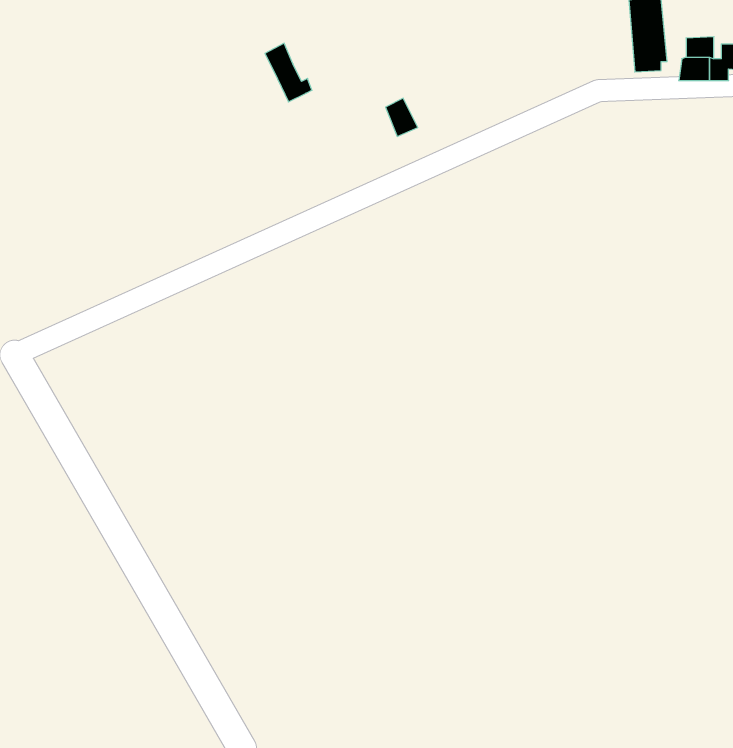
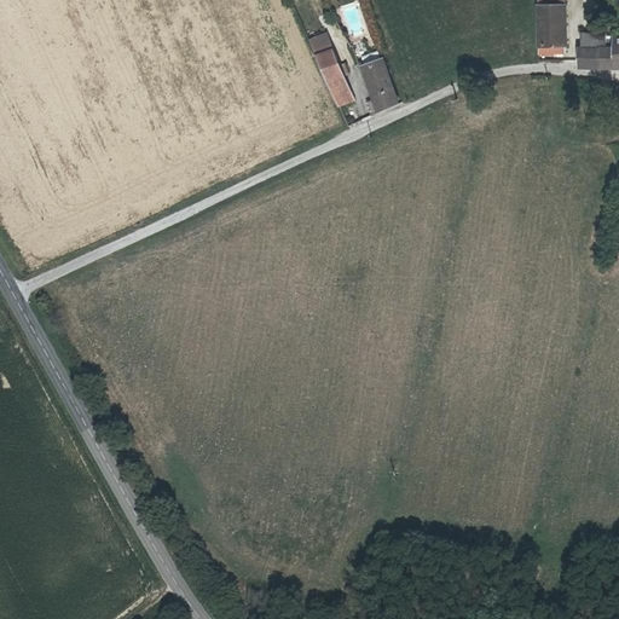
building: [265,43,312,102] -> [312,40,351,88]
building: none -> [360,62,398,116]

